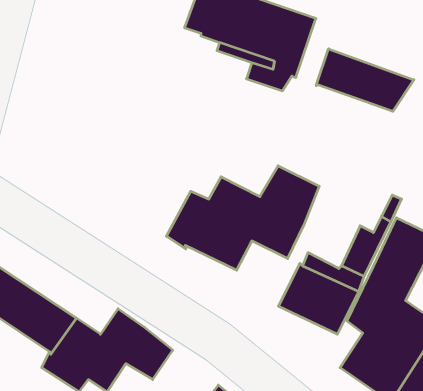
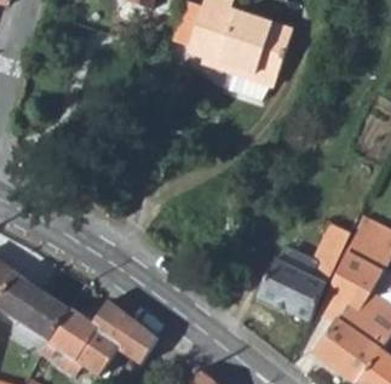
building: [316,49,414,111] -> none
building: [166,166,319,270] -> none

